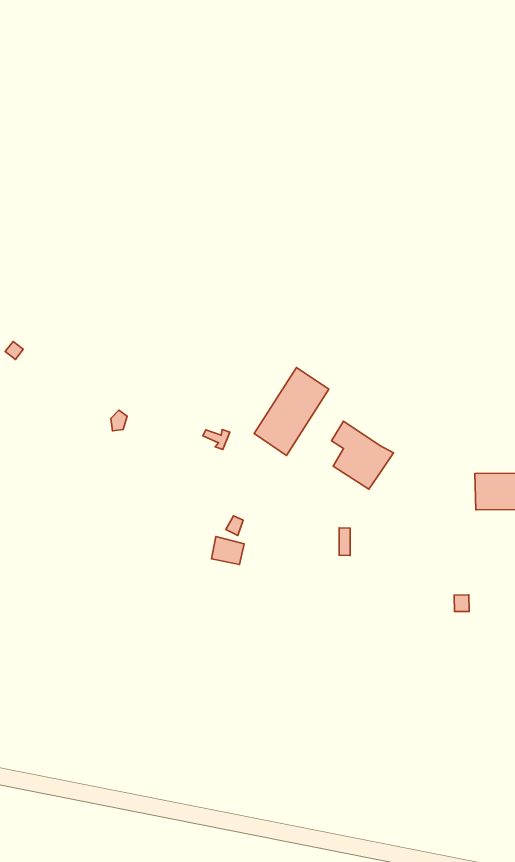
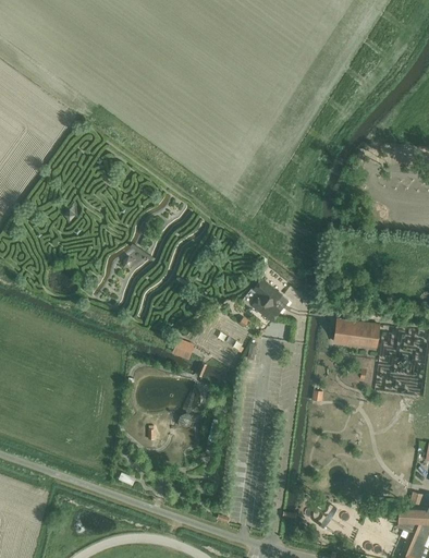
building: [254,368,329,455] -> none

